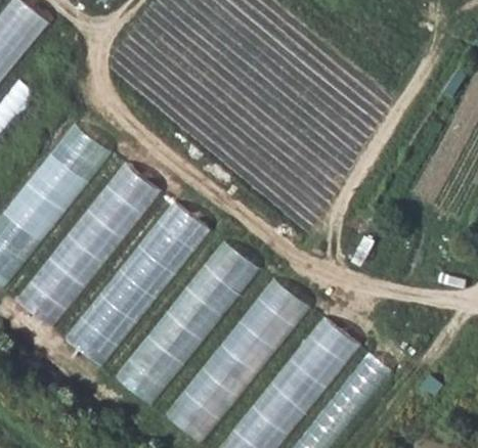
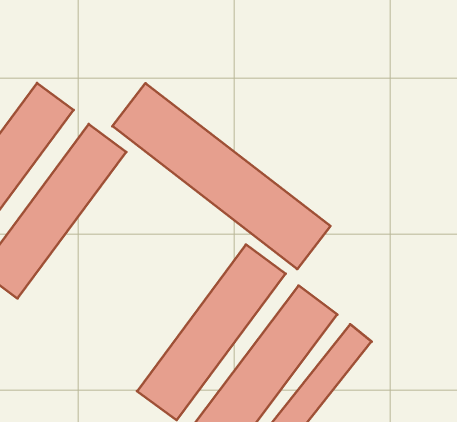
building: none -> [112,83,330,269]
building: [68,199,208,367] -> none
building: [115,237,259,405] -> none

